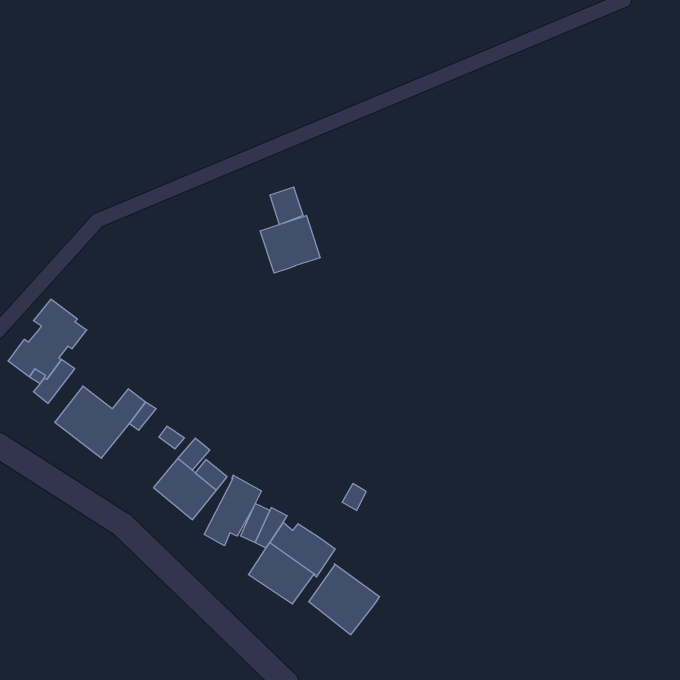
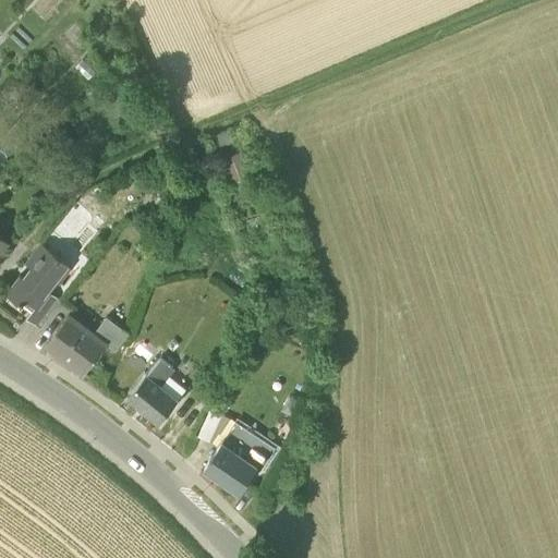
building: [260,215,320,273] -> none
building: [204,475,262,546] -> none
building: [309,564,380,635] -> none

